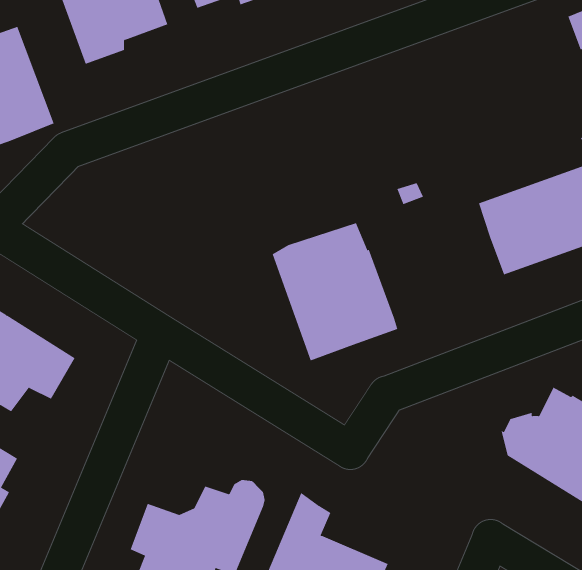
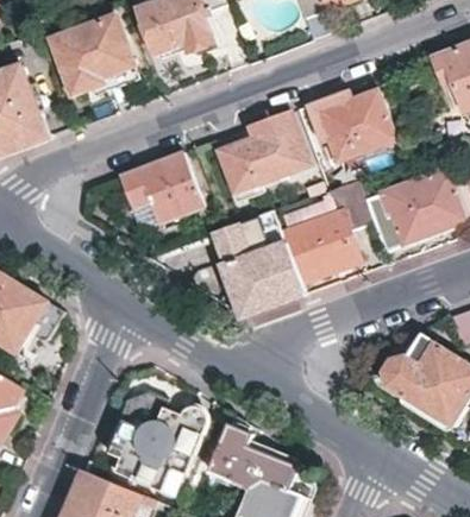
building: none -> [313,89,394,162]
building: none -> [218,112,309,201]
building: none -> [118,153,202,225]
building: none -> [283,179,372,283]

